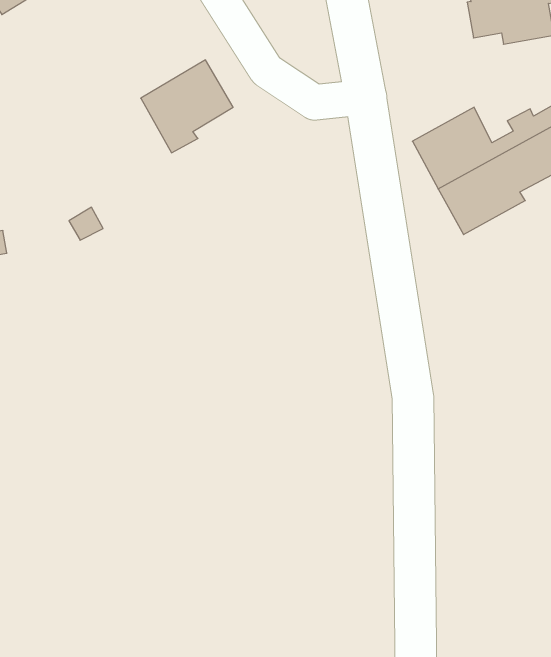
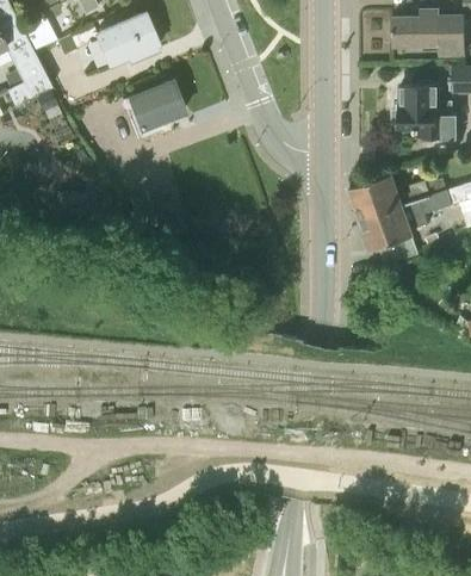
building: [141,60,233,153] -> [128,80,184,134]

